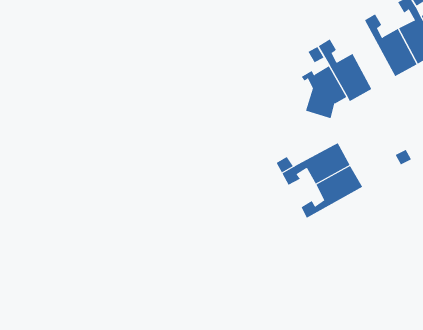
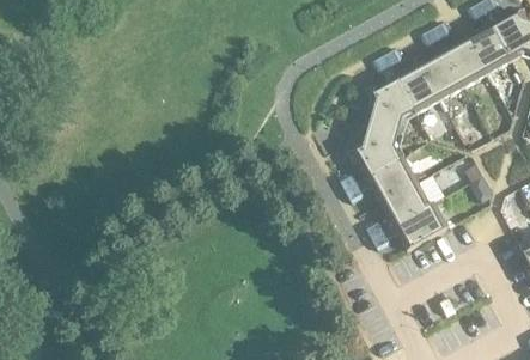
building: none -> [420,30,464,103]
building: none -> [346,126,400,179]
building: none -> [371,203,449,252]

